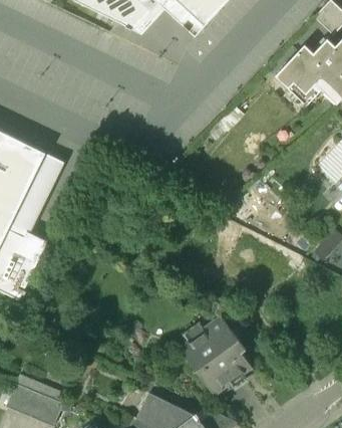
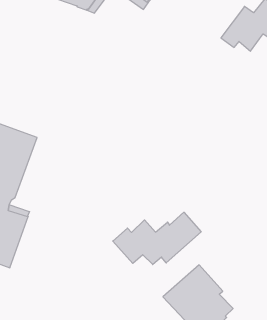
building: none -> [113,212,201,265]

